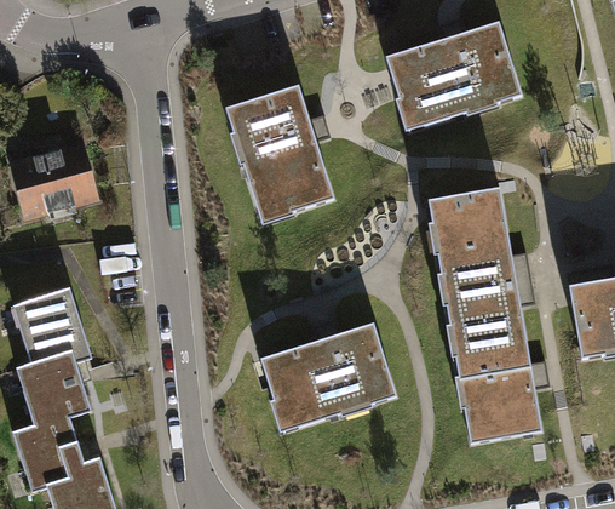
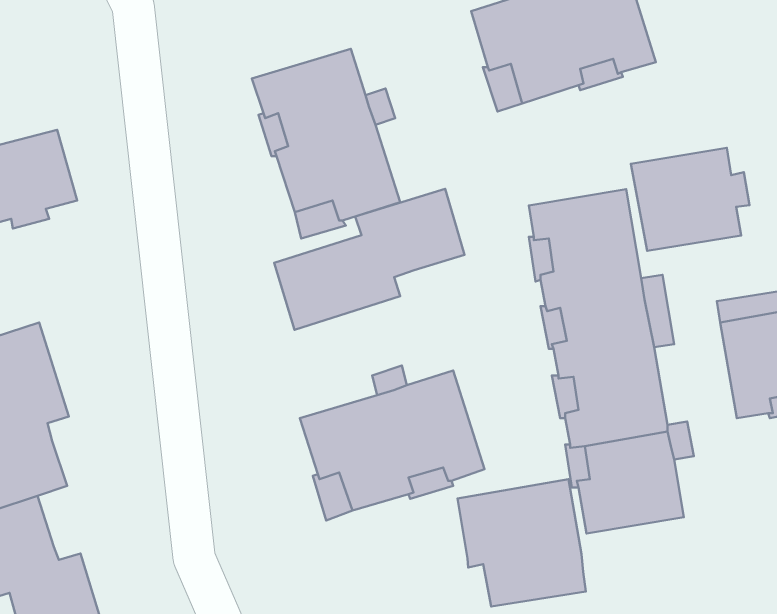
building: none -> [631,148,749,251]
building: none -> [274,189,465,330]
building: none -> [457,479,586,607]

